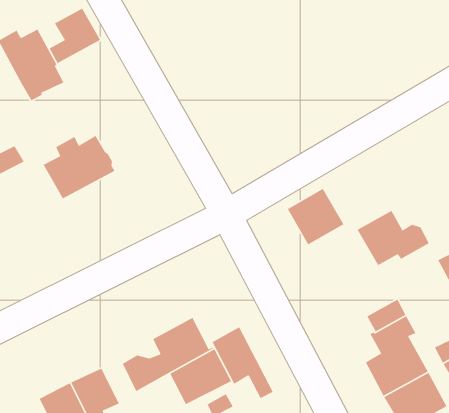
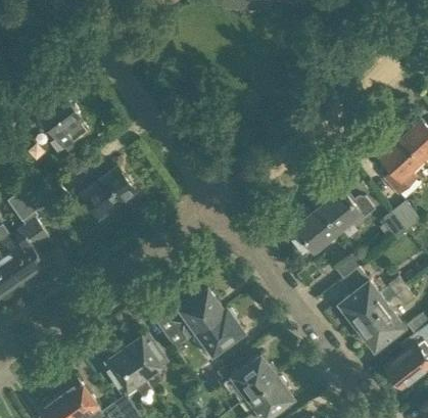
building: [49,8,101,64] -> none
building: [287,188,344,245] -> [294,208,338,252]
building: [212,326,274,399] -> none

